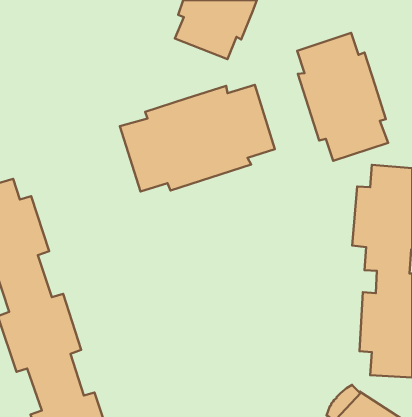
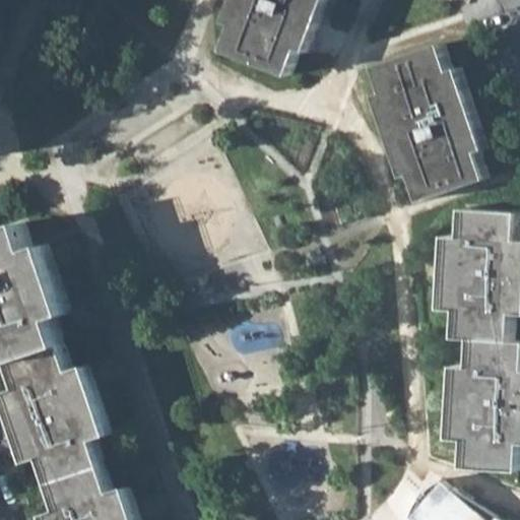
building: [120,85,275,191] -> none

